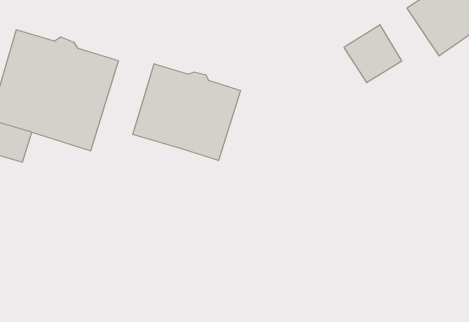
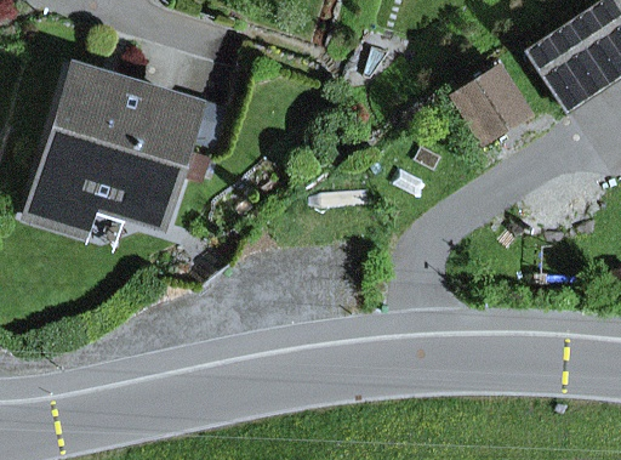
building: [133,64,241,161] -> none

